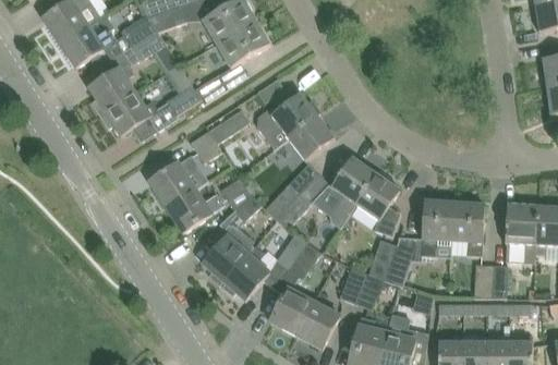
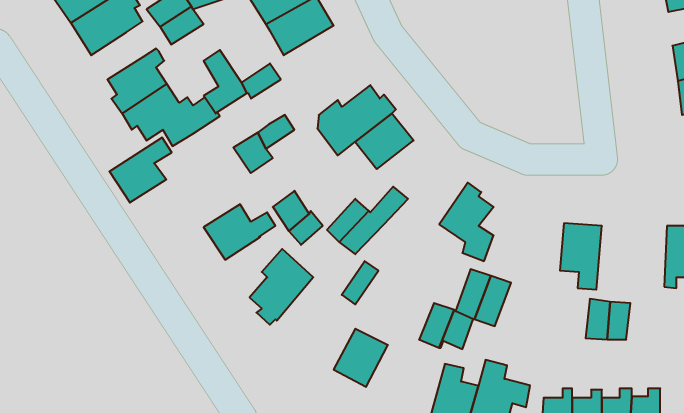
building: [149,154,199,206] -> [109,138,172,203]
building: [330,157,376,227] -> none
building: [421,199,456,257] -> none
building: [506,204,538,263] -> none
building: [288,241,320,278] -> none
building: [222,244,269,300] -> none
building: [296,301,339,348] -> none

